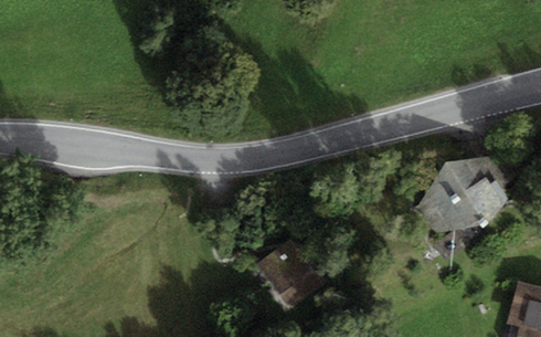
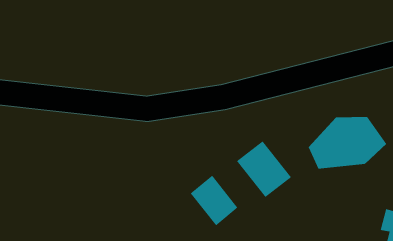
building: none -> [236,140,292,198]

